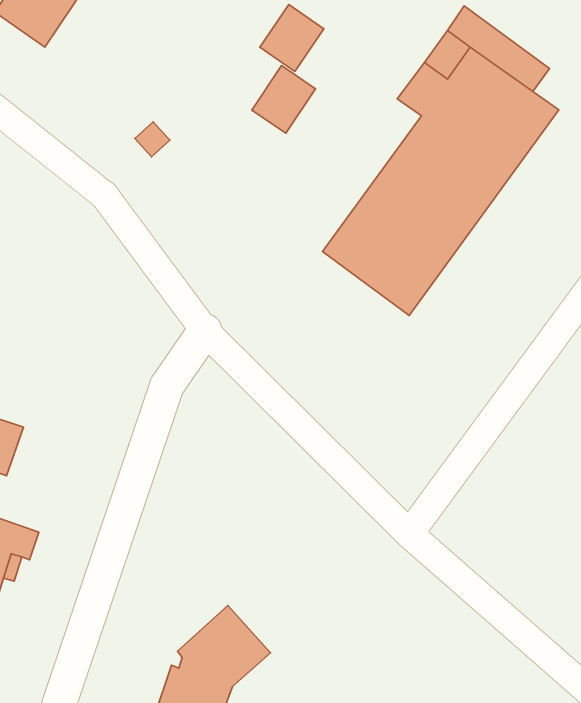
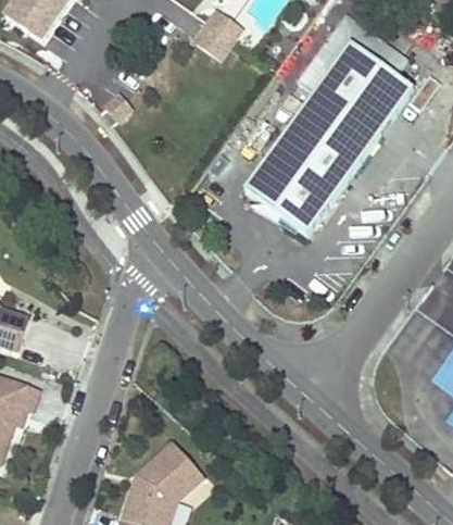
building: [252,66,316,133] -> none

